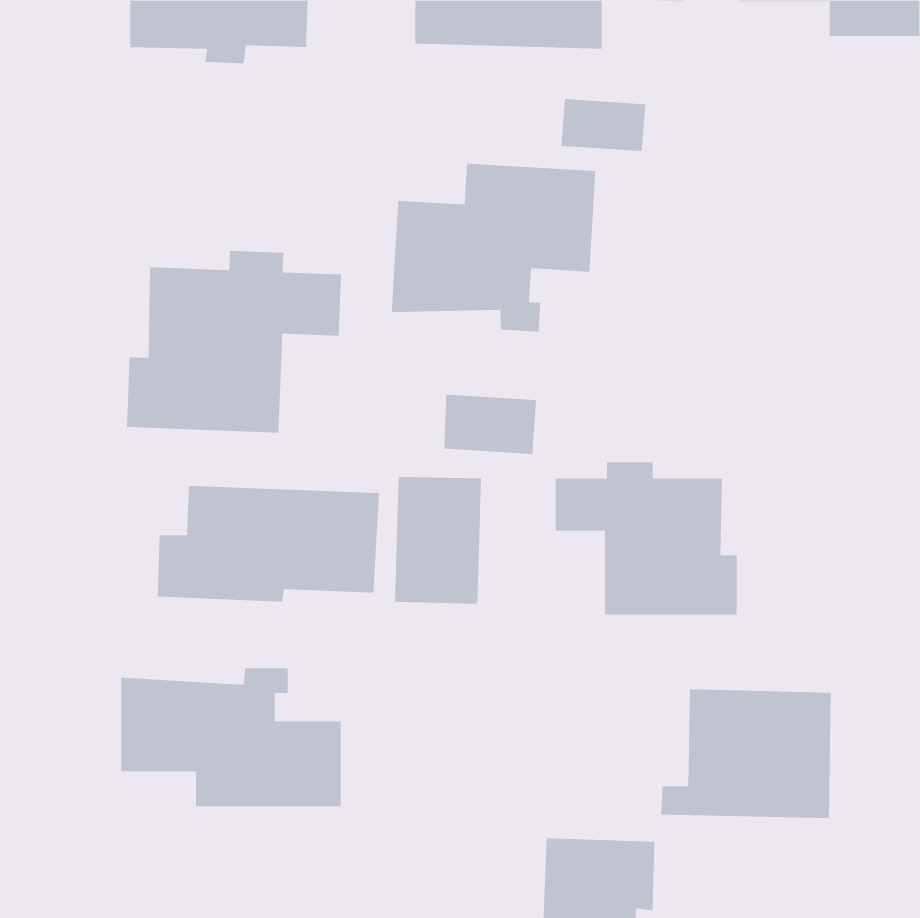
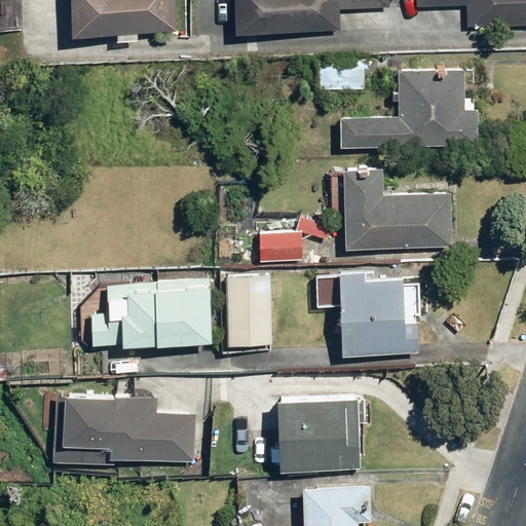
building: none -> [340,67,480,152]
building: [391,163,596,333] -> none
building: [127,250,341,433] -> none
building: none -> [328,166,451,250]
building: [660,689,832,819] -> [266,394,363,467]

